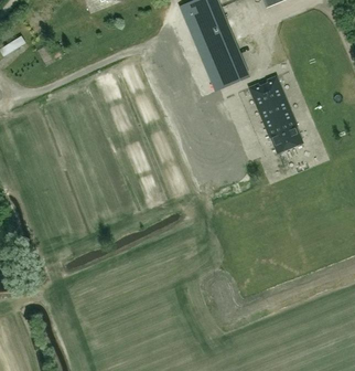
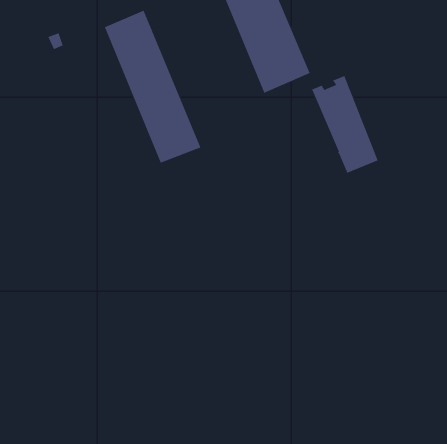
building: none -> [104,10,201,164]

